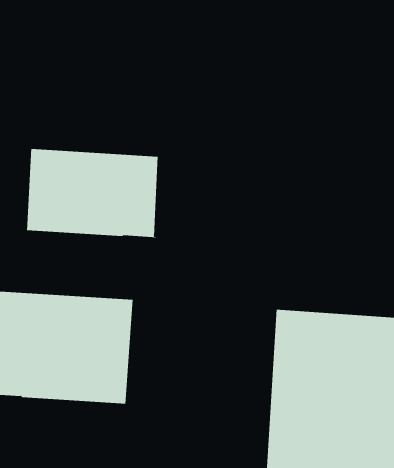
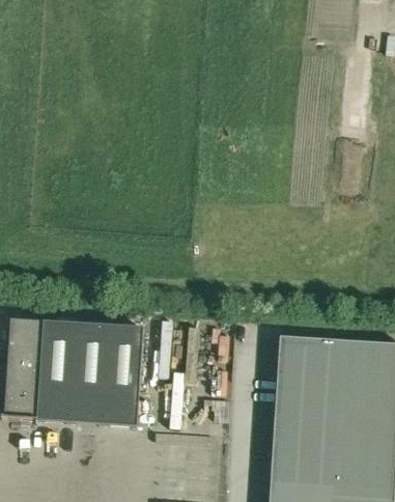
building: [27,148,158,238] -> none

